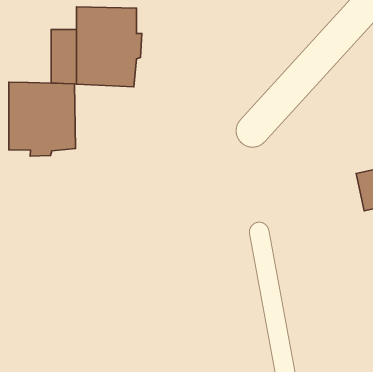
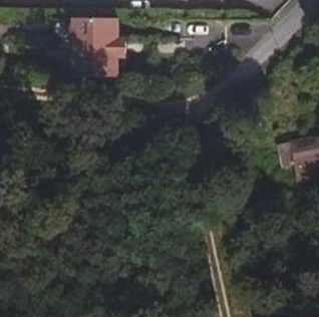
building: [9,82,76,156] -> none

